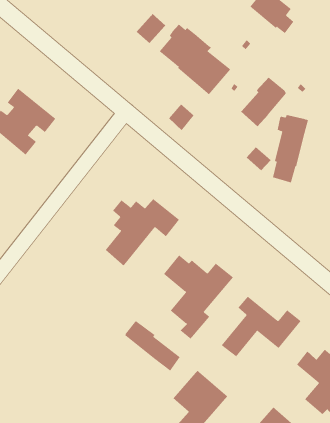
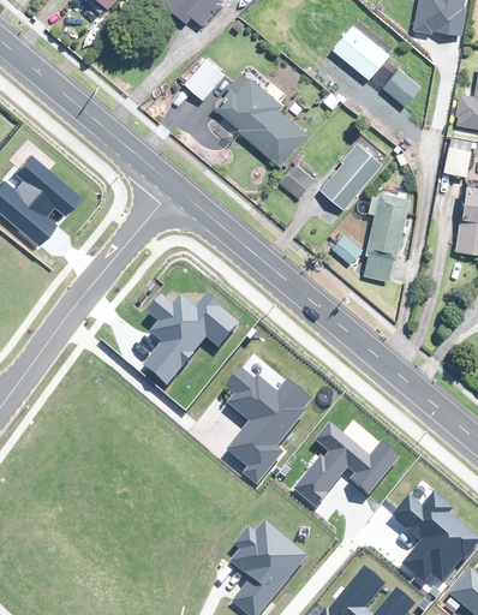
building: none -> [383,67,420,105]
building: [168,104,195,131] -> [280,162,315,198]
building: [125,320,181,372] -> none

